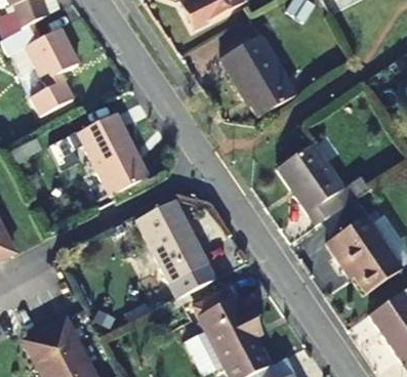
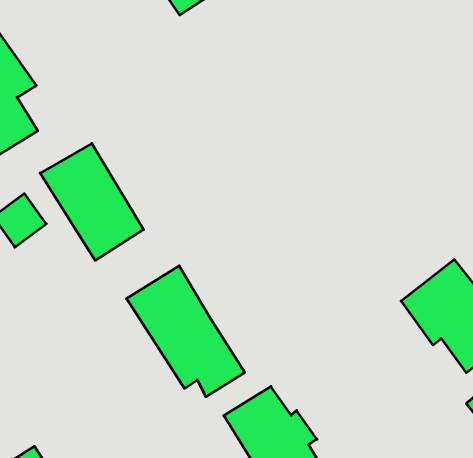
building: [218,33,294,114] -> none
building: [277,138,355,223] -> none

